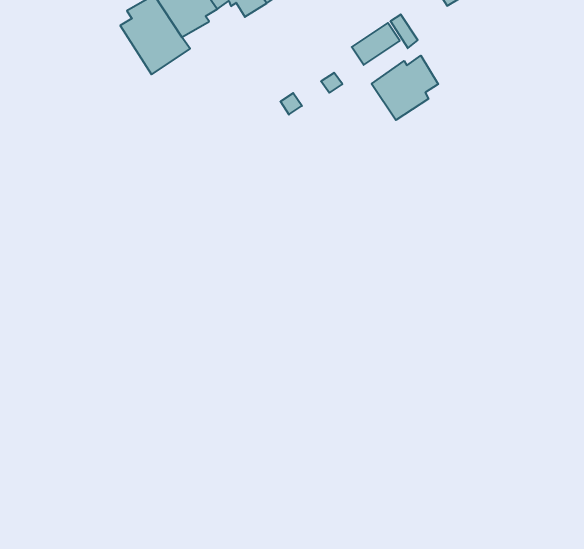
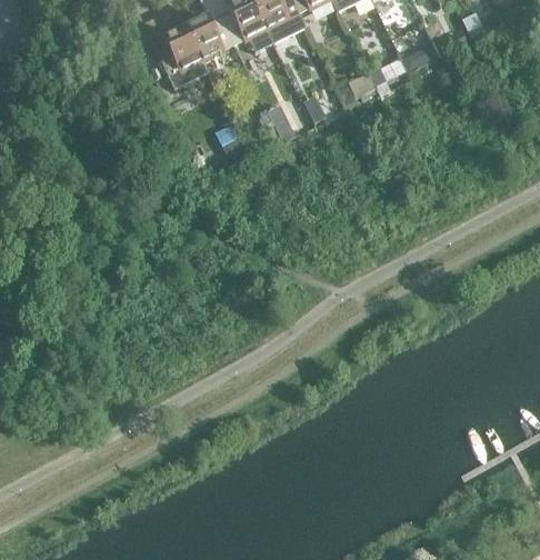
building: [372,56,438,120] -> none

